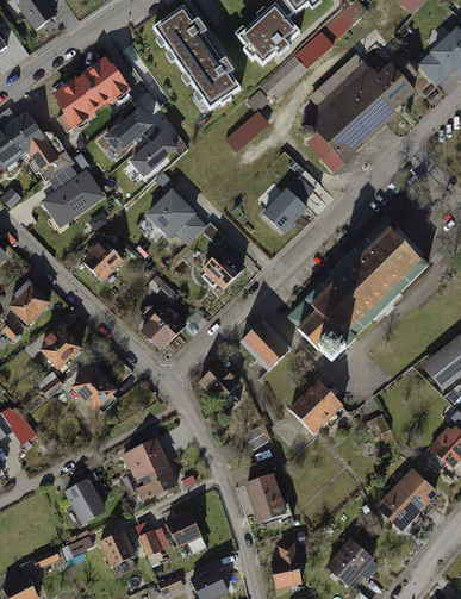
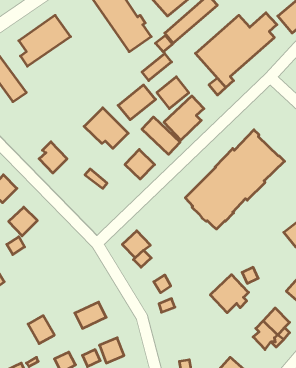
building: [102,108,152,155] -> none
building: [126,130,179,179] -> [118,85,156,120]
building: none -> [157,77,189,109]
building: [37,167,104,226] -> none
building: none -> [142,117,180,154]
building: [139,305,185,350] -> none
building: [242,322,288,369] -> none
building: [73,368,113,408] -> none
building: [288,379,342,432] -> [210,275,249,313]
building: [122,438,166,478] -> none
building: [245,475,291,522] -> none

